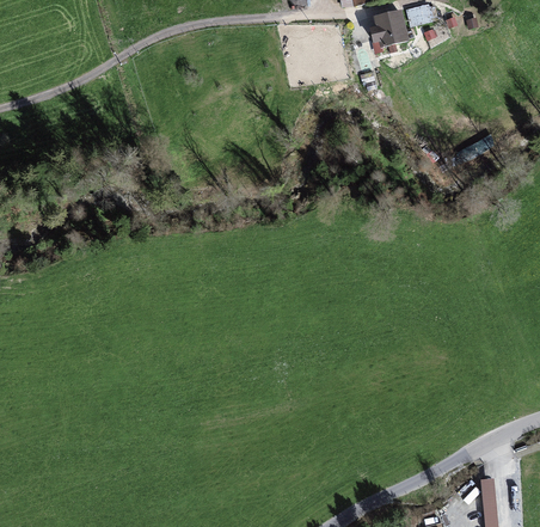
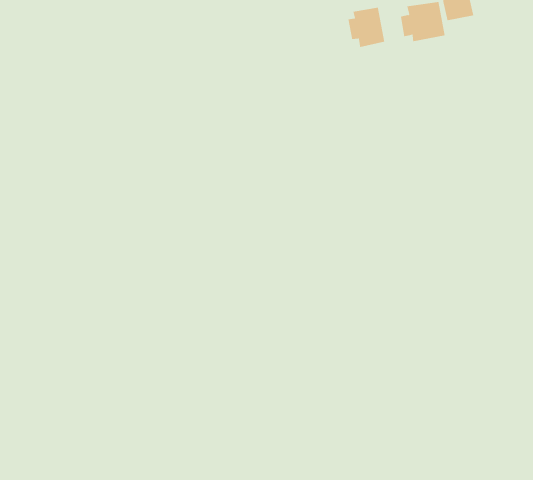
building: none -> [348,7,385,48]

